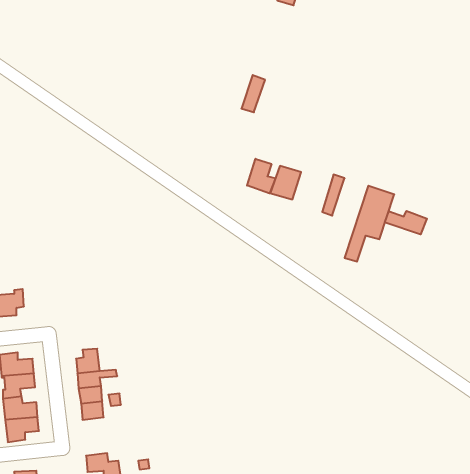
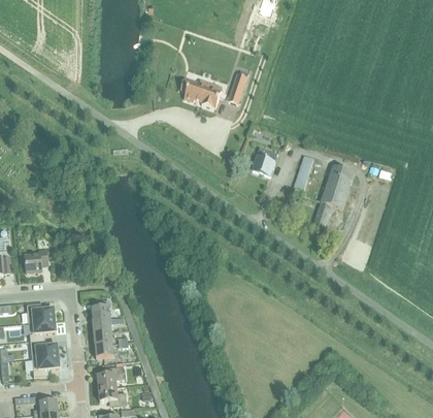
building: none -> [184,79,221,107]
building: [247,159,275,193] -> none
building: [385,211,427,234] -> none
building: none -> [96,366,124,388]

